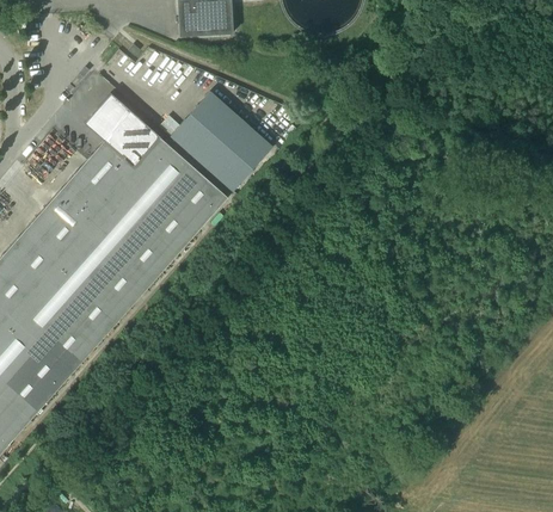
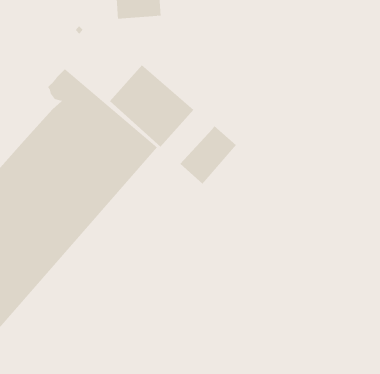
building: none -> [180,125,237,184]

